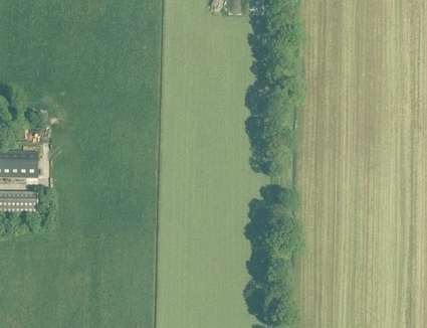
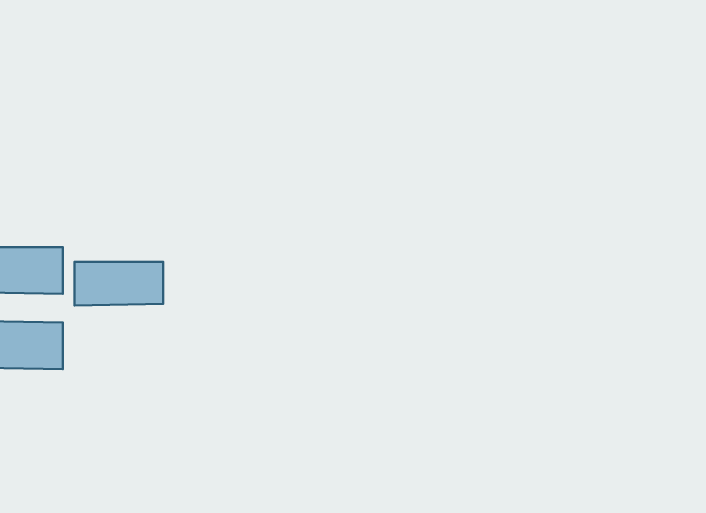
building: none -> [75,262,163,305]

